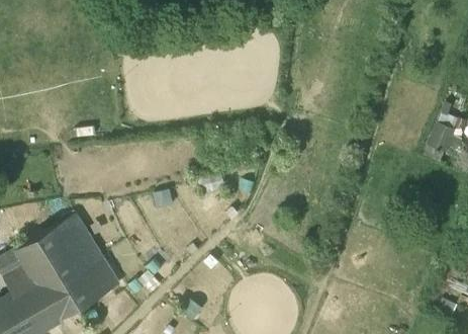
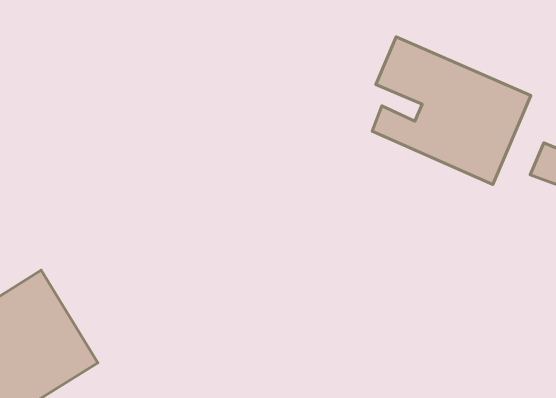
building: none -> [372,37,531,184]

